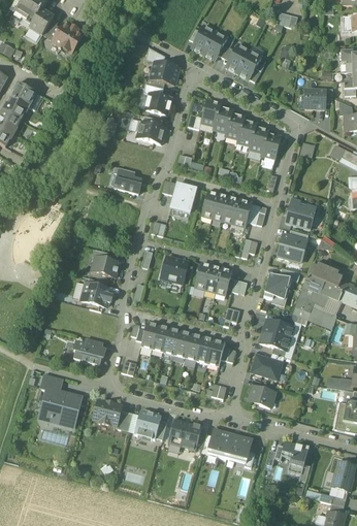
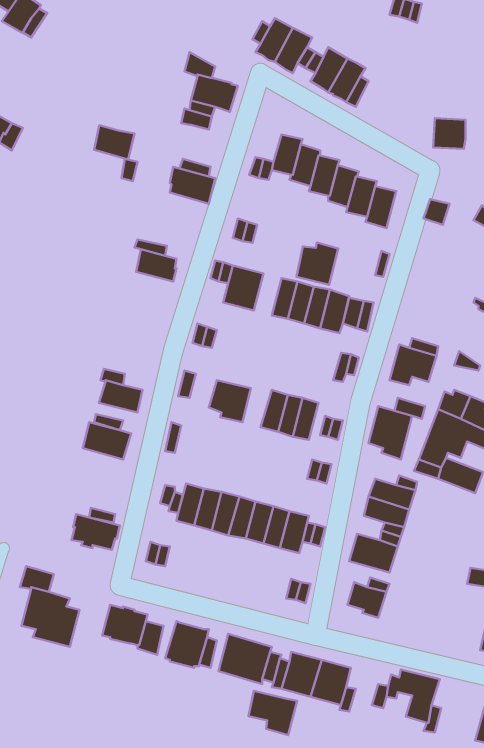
building: [53,23,82,52] -> none
building: [145,93,171,114] -> [94,126,135,160]
building: none -> [297,242,338,285]
building: [285,198,316,228] -> none
building: none -> [248,691,297,735]

